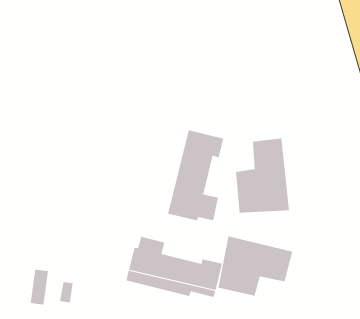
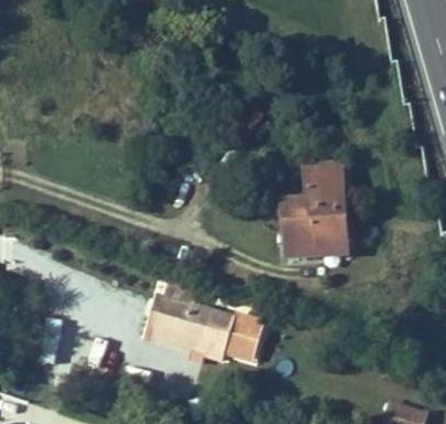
building: [168,130,224,221] -> none
building: [218,235,293,297] -> none

